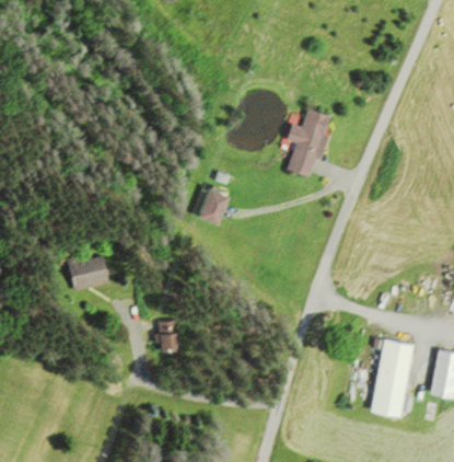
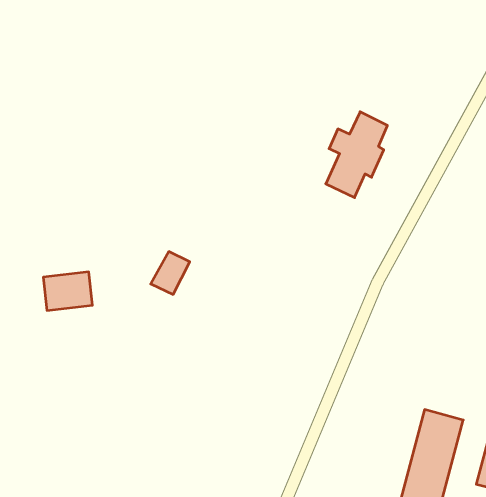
building: [196,188,225,222] -> [151,252,190,294]
building: [159,322,181,353] -> none

